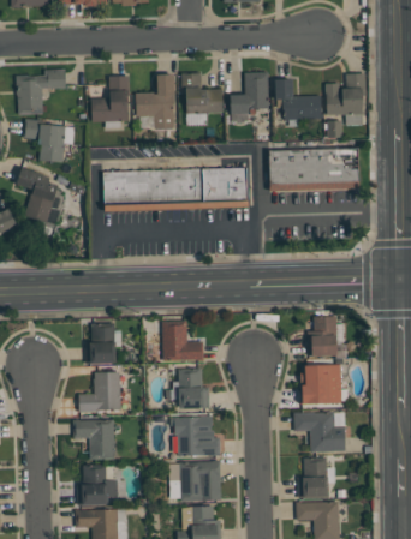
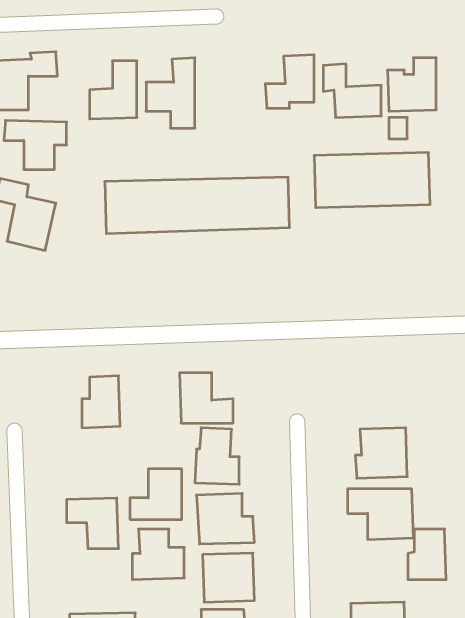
building: [184,73,224,113] -> none
building: [310,316,345,357] -> none
building: [79,371,120,411] -> [130,469,182,519]
building: [298,457,328,497] -> [408,529,446,580]
building: [77,465,118,504] -> [132,529,184,580]

